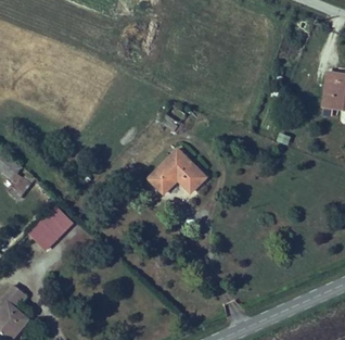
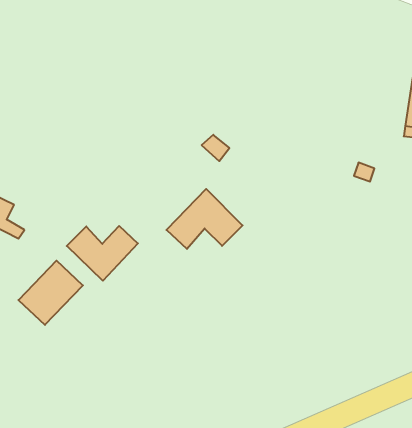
building: none -> [67,226,138,281]

